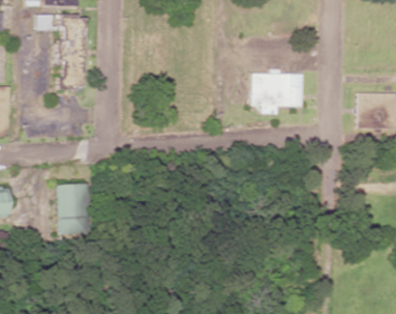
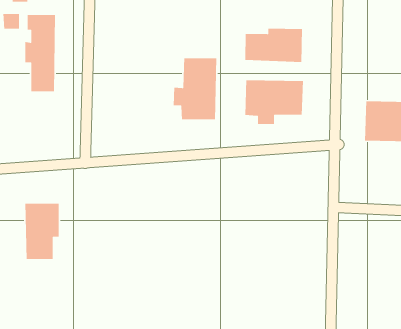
building: none -> [244,28,303,63]
building: none -> [173,57,217,120]

